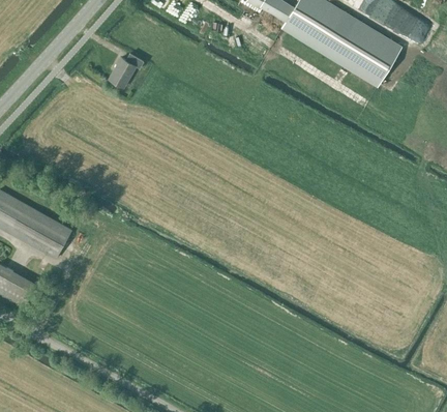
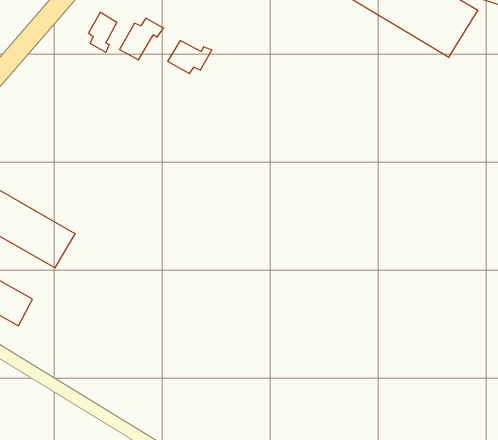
building: none -> [88,12,117,52]
building: none -> [168,40,212,74]

